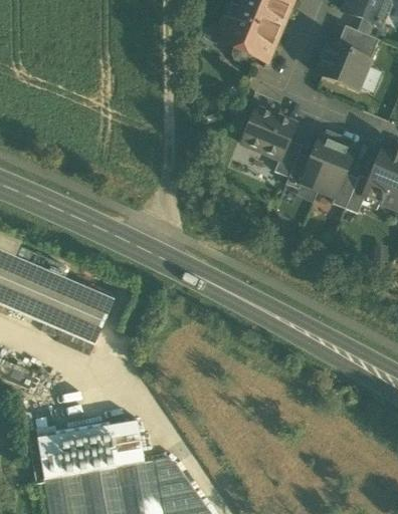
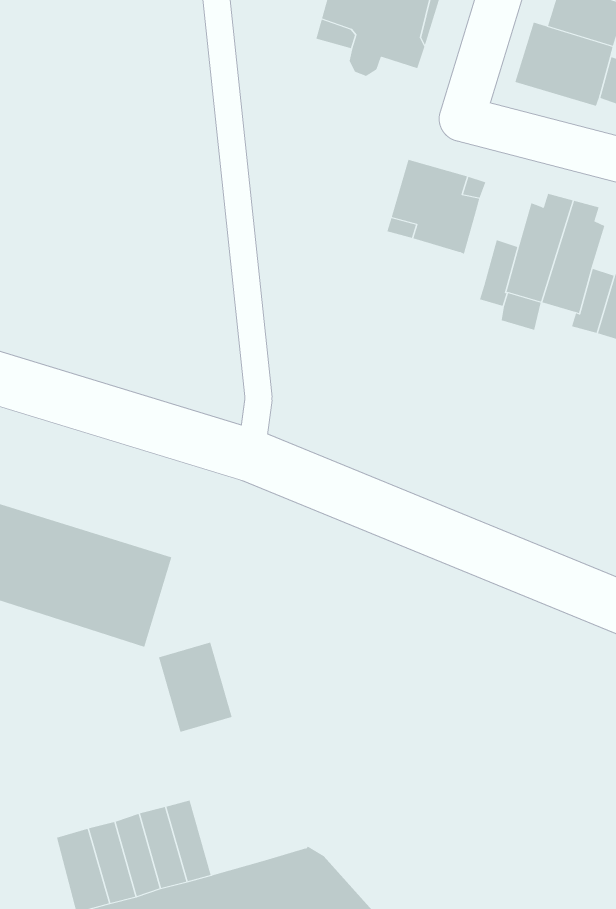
building: [273,140,302,177] -> none
building: [109,422,144,467] -> [158,642,232,732]

